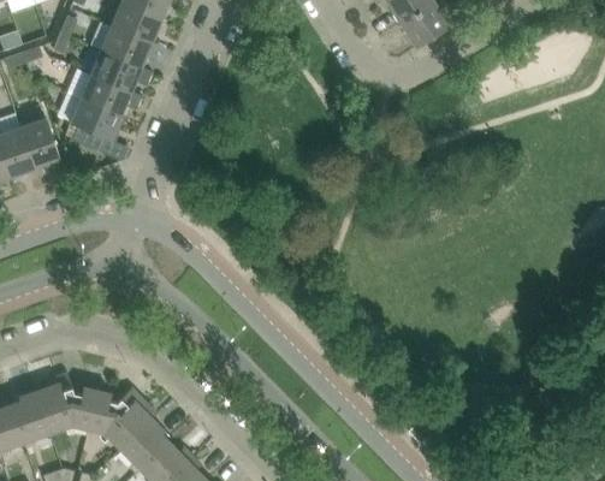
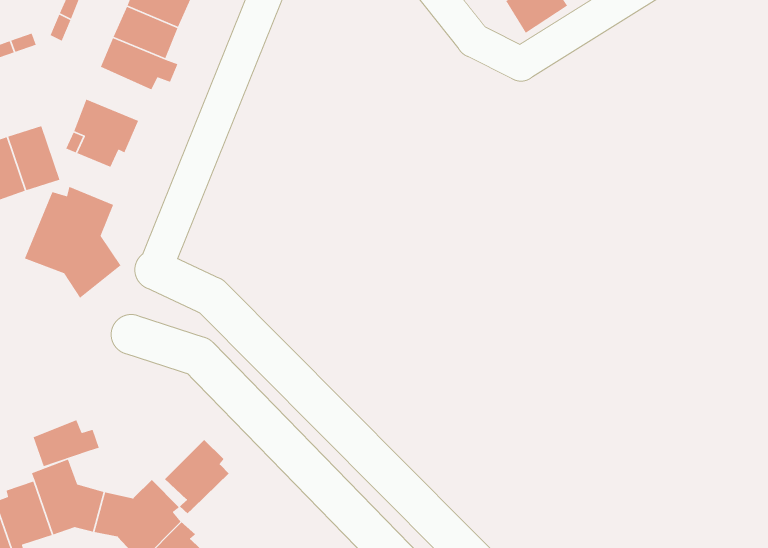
building: [79,73,141,114] -> none
building: none -> [24,186,122,299]
building: none -> [32,419,100,467]
building: none -> [164,439,229,514]

